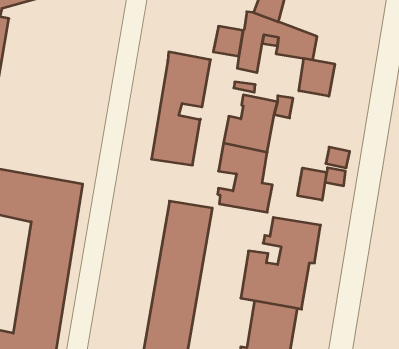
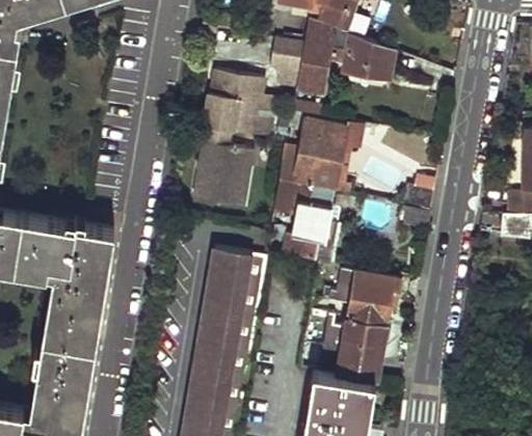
building: [299,58,335,96] -> none
building: [298,168,326,200] -> none

